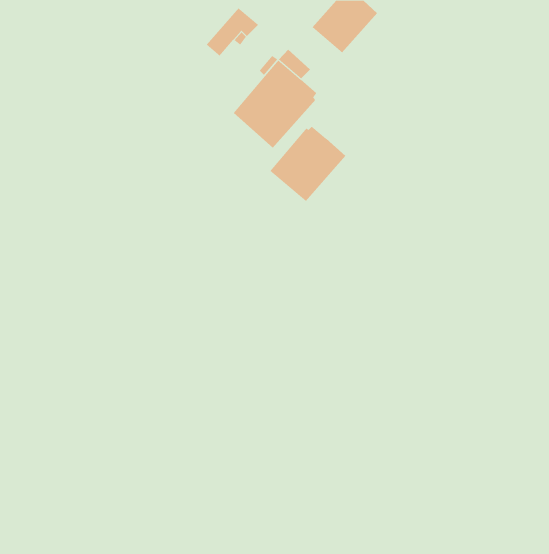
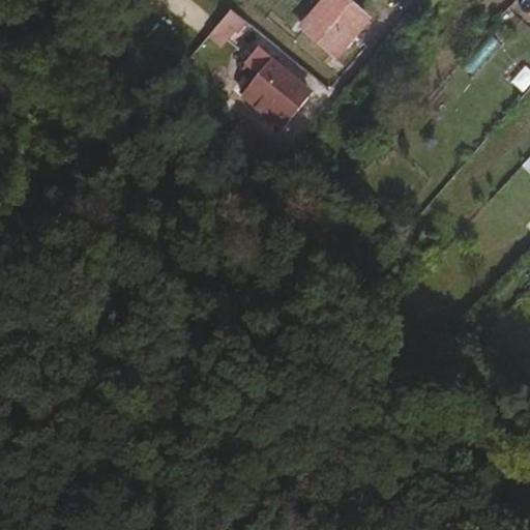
building: [270,126,346,202] -> none

